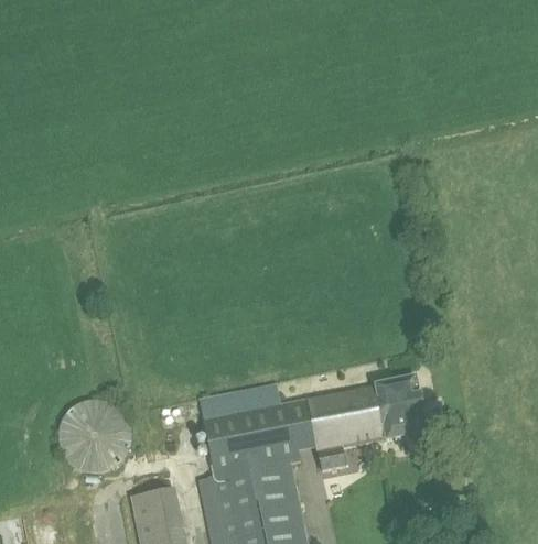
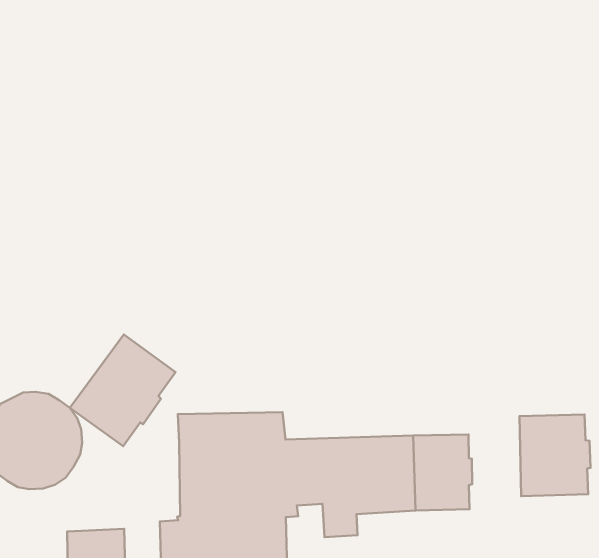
building: none -> [70,335,175,446]
building: none -> [519,414,591,496]

